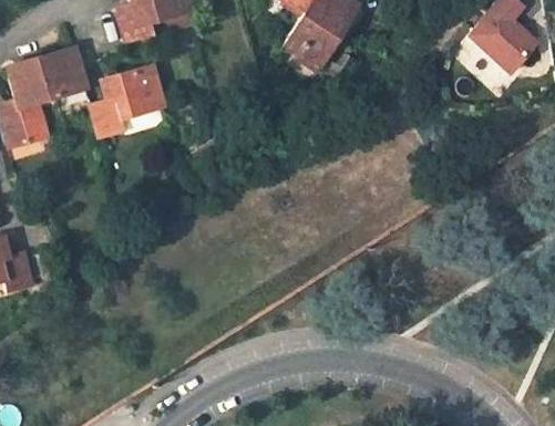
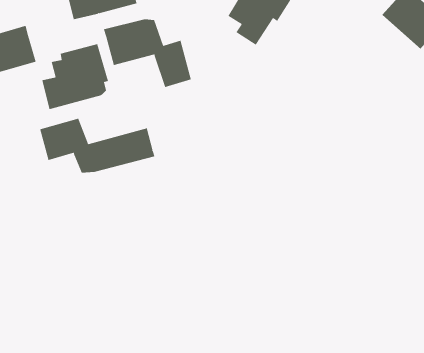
building: none -> [103,18,192,88]
building: none -> [39,118,155,173]

